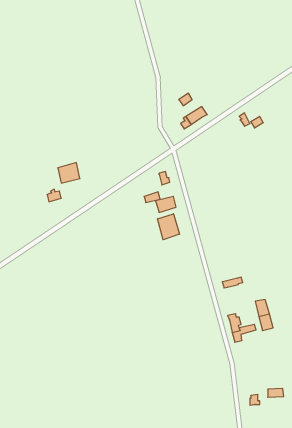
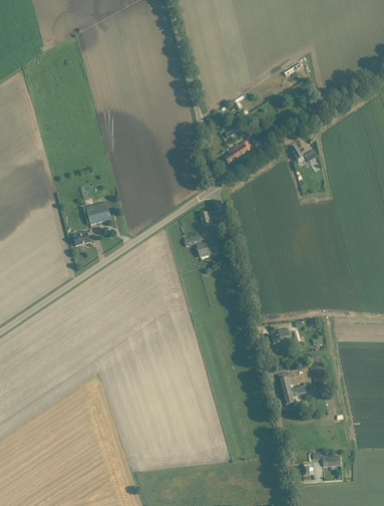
building: [158,214,180,240] -> none

